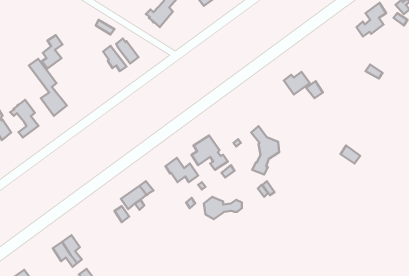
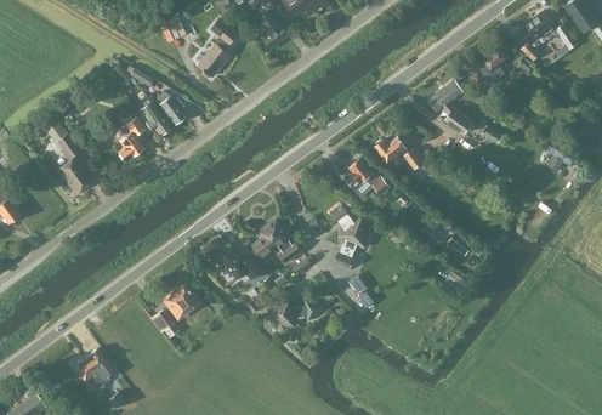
building: none -> [428,79,473,135]
building: [42,35,62,69] -> [118,118,144,161]
building: none -> [346,158,393,198]
building: [10,100,38,137] -> none

